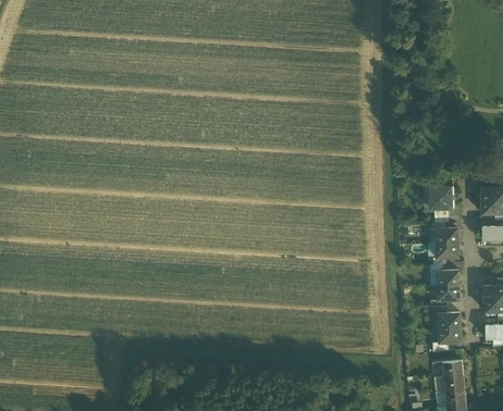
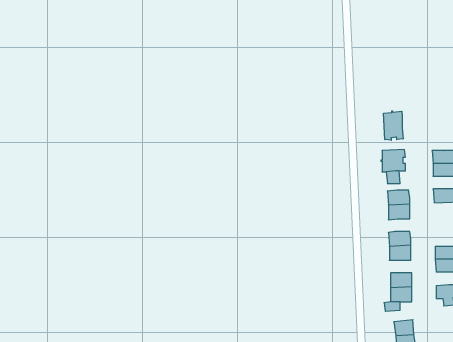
building: none -> [384,111,403,140]

